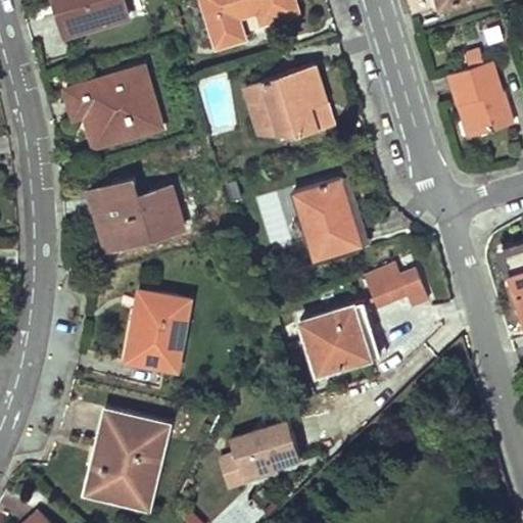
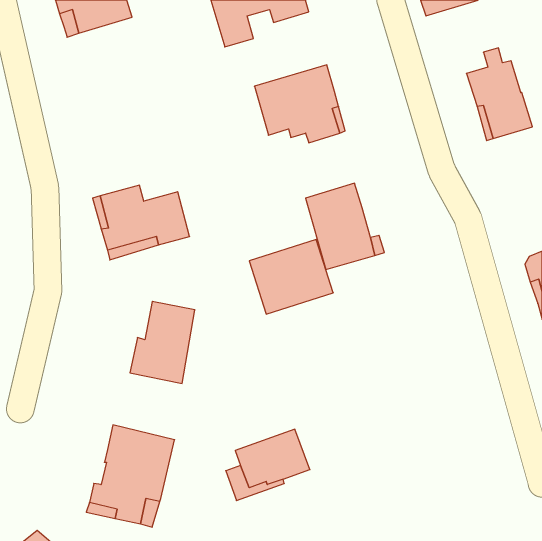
building: [65,67,159,148] -> none
building: [363,264,430,306] -> none
building: [299,301,380,373] -> [249,240,333,314]

